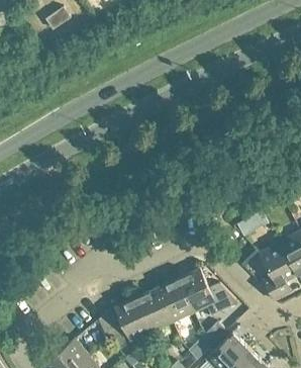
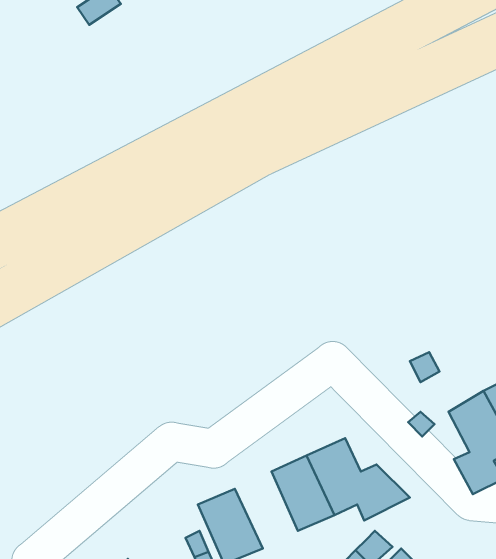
building: [136,287,173,332] -> none

